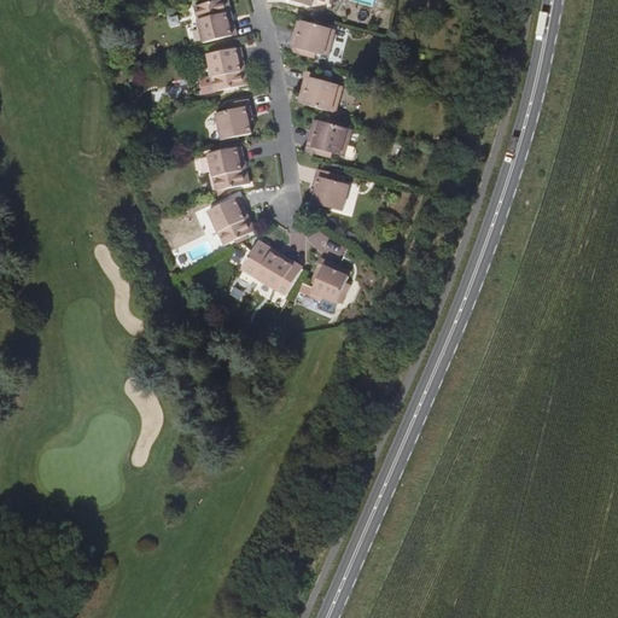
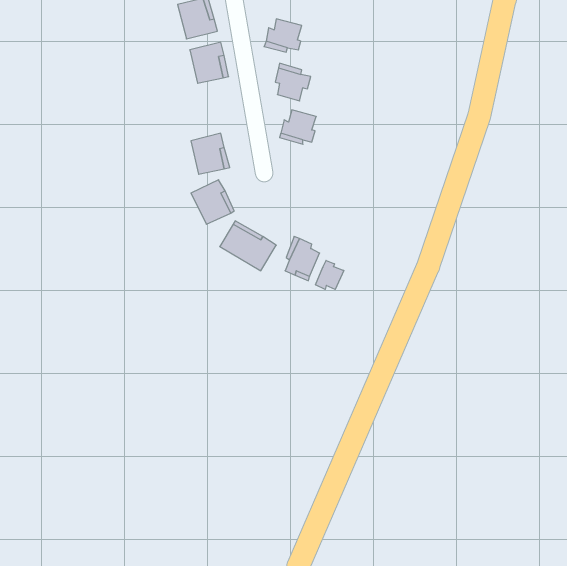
building: [215,98,251,139] -> none
building: [311,168,348,210] -> none
building: none -> [316,260,344,289]

